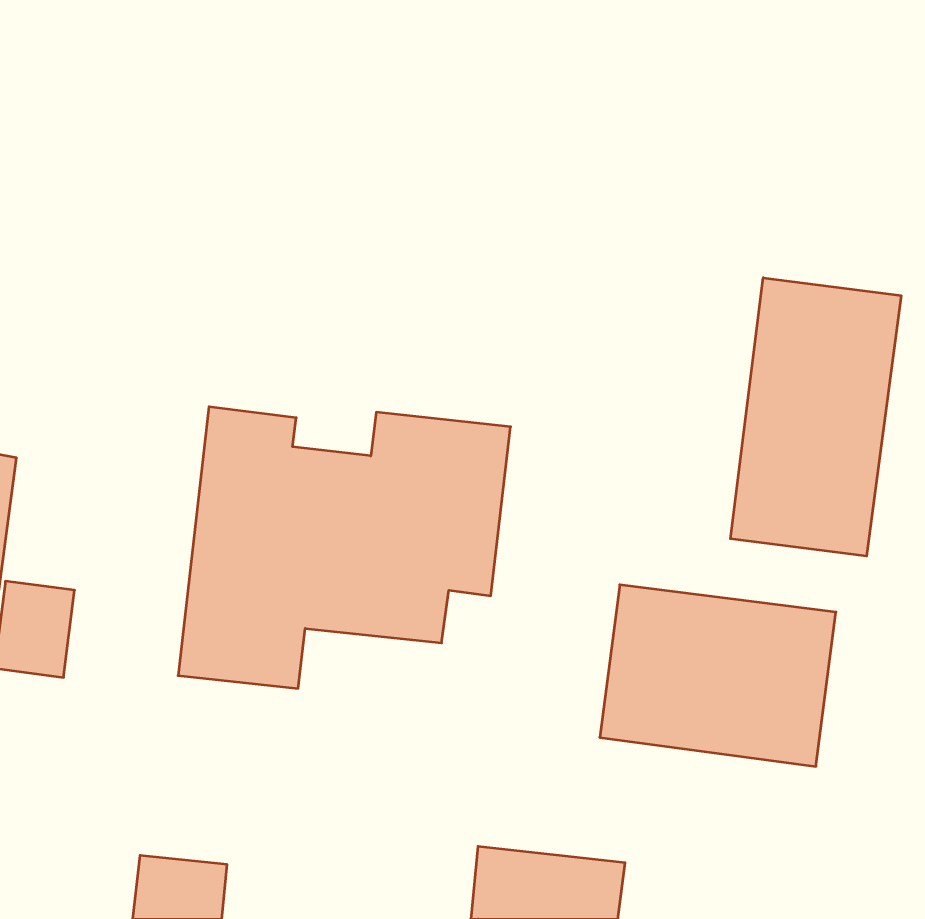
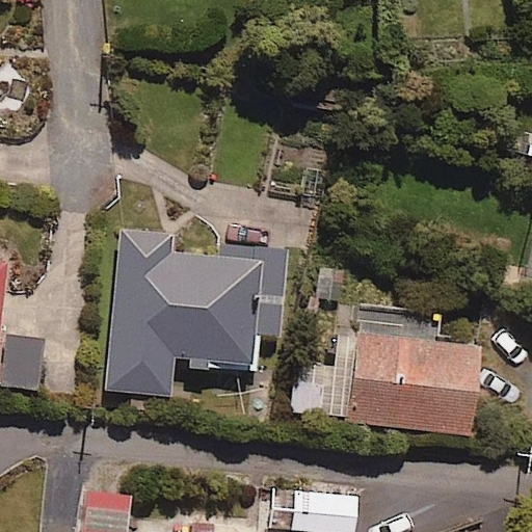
building: [730,278,901,556] -> none

